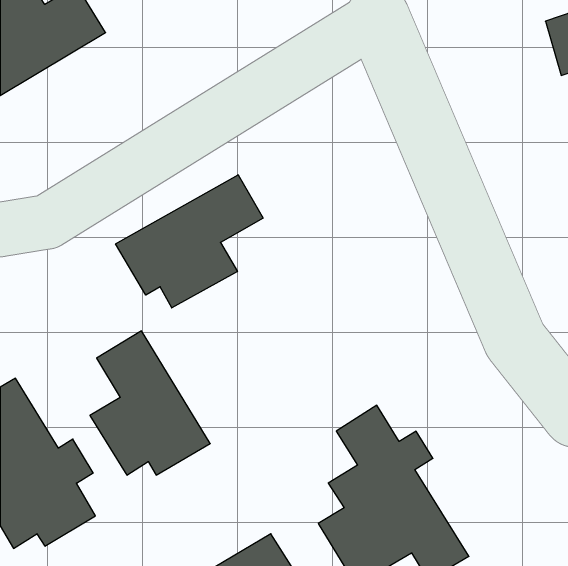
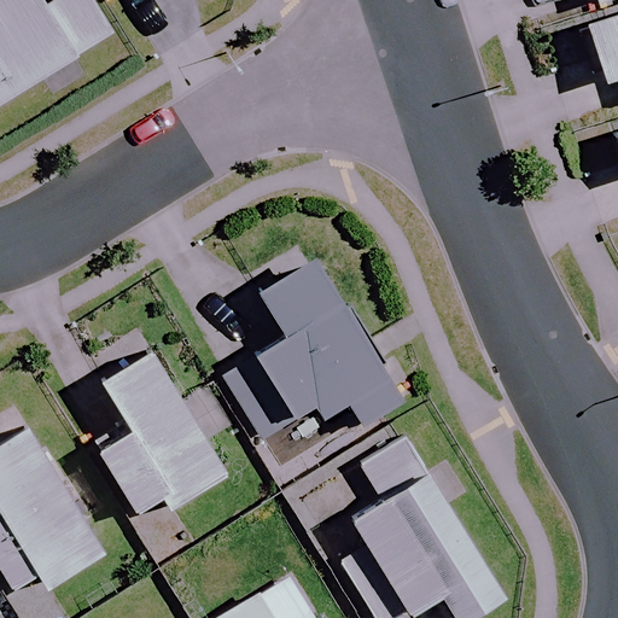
building: [116,175,263,308] -> none
building: none -> [228,260,401,437]

